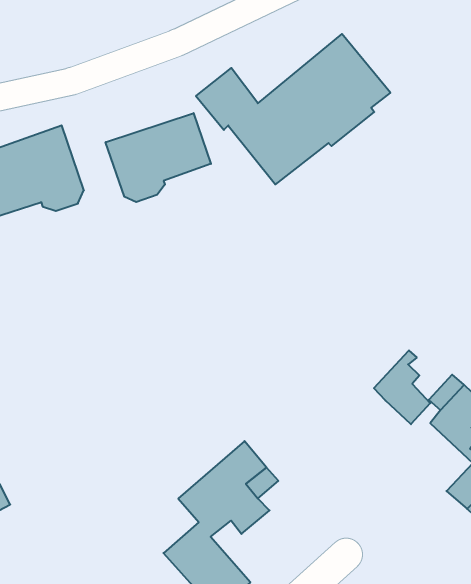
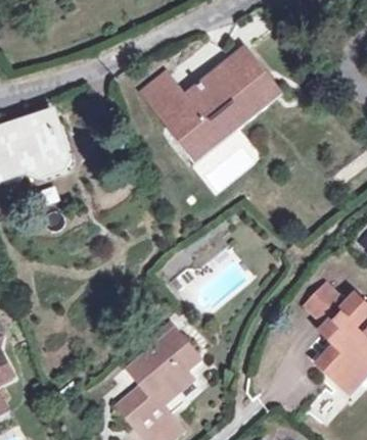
building: [106,113,211,202] -> none
building: [374,350,430,424] -> none

